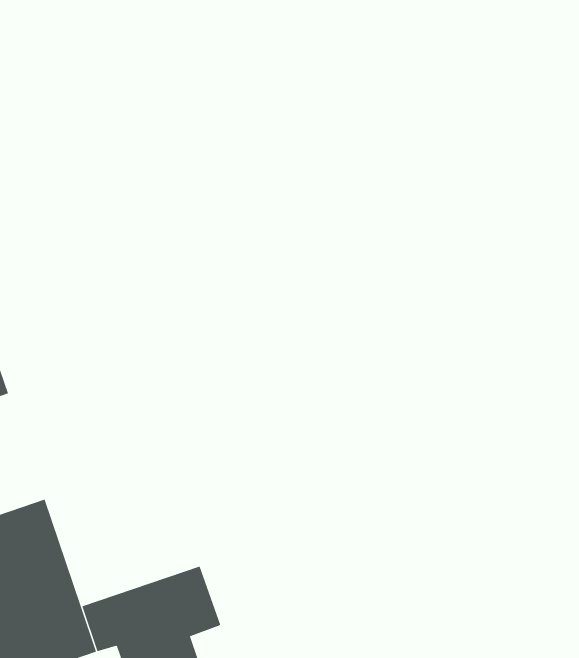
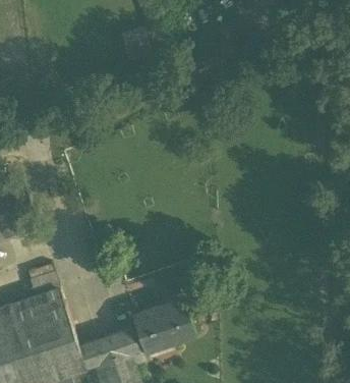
building: none -> [134,294,197,355]

